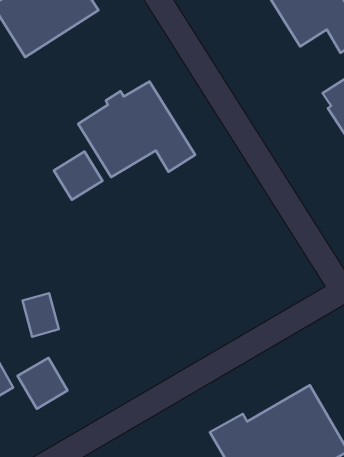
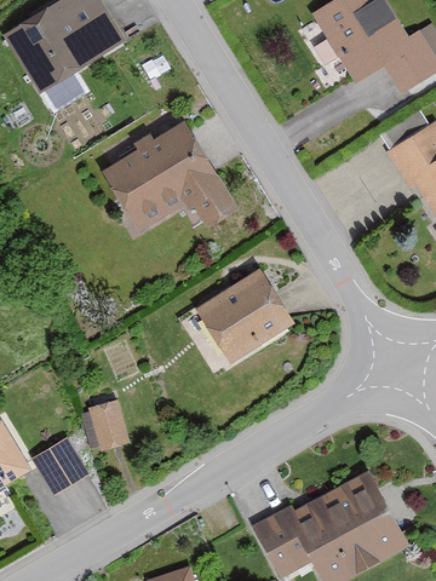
building: [54,152,102,200] -> none
building: none -> [195,266,292,364]
building: [23,293,59,337] -> [88,402,130,451]

